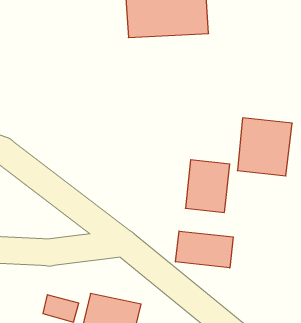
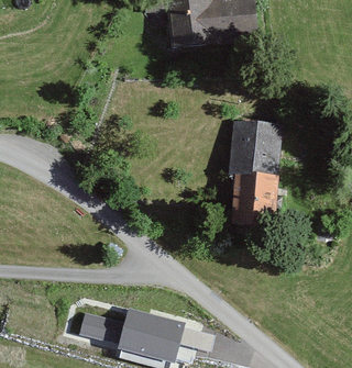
building: [237,118,292,176] -> [226,116,283,177]
building: [176,231,233,268] -> none

